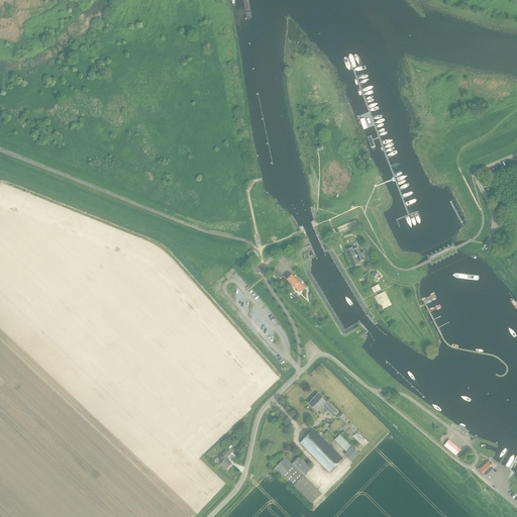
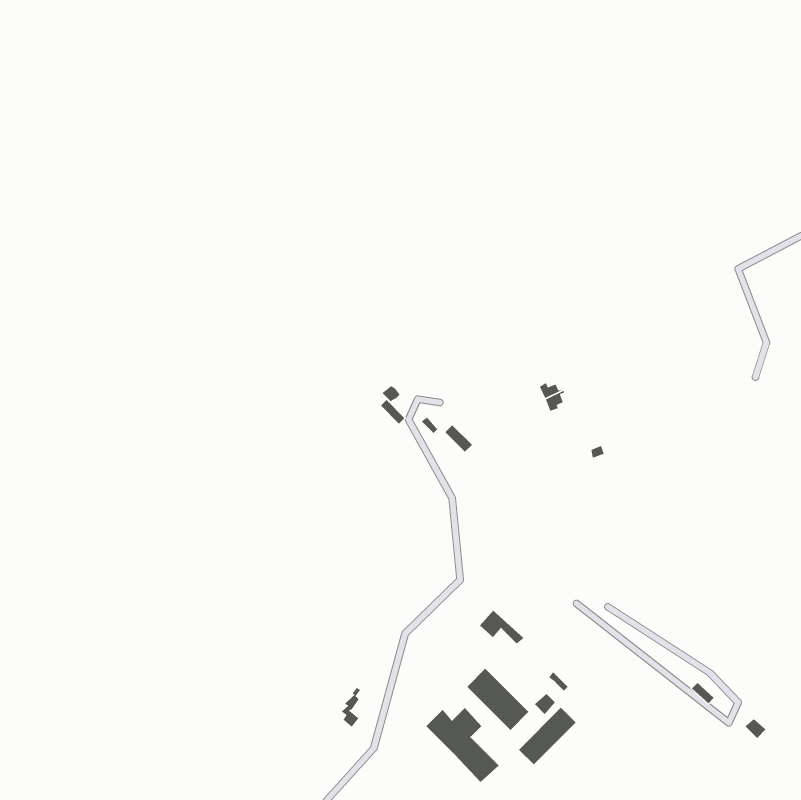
building: none -> [518,707,576,765]

